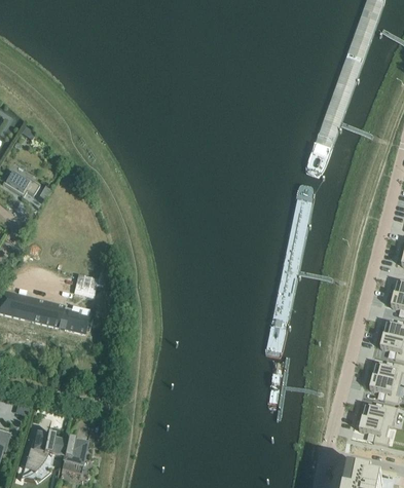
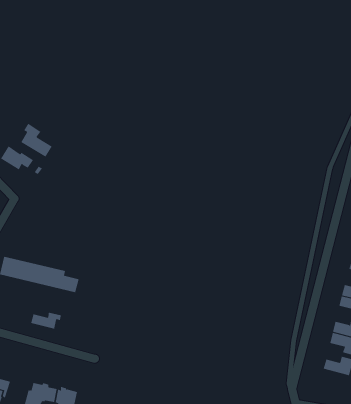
building: none -> [20,123,52,157]
building: none -> [30,312,62,329]
building: [360,418,390,445] -> none

